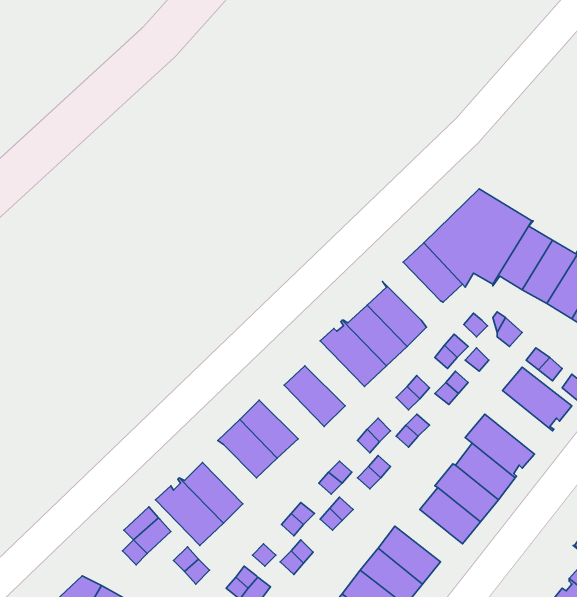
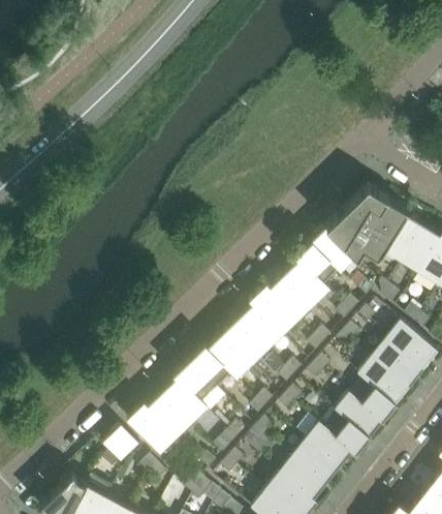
building: none -> [295,243,339,286]
building: none -> [238,302,282,351]
building: none -> [203,335,252,381]
building: none -> [372,339,422,387]
building: none -> [161,380,207,424]
building: none -> [305,424,355,467]

